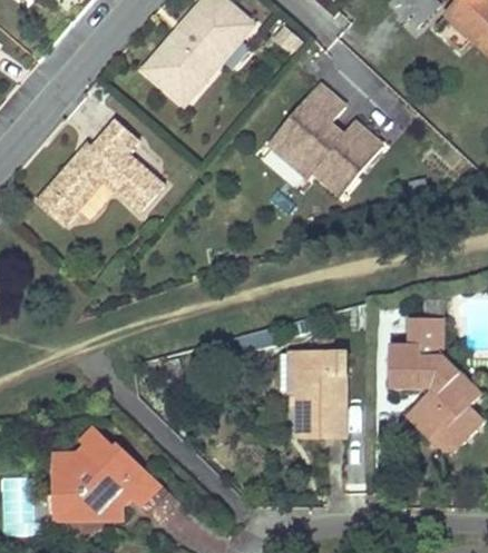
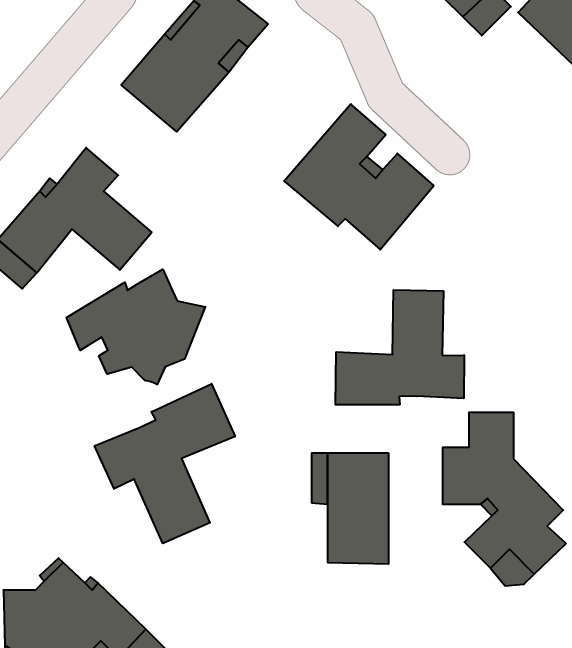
building: none -> [66,269,205,385]
building: none -> [335,290,464,405]
building: none -> [95,384,235,543]

